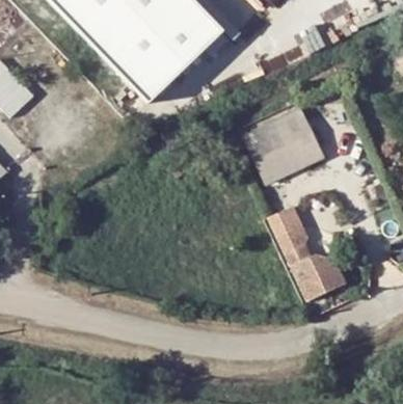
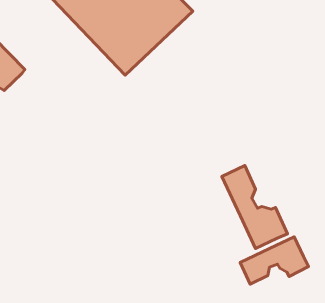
building: [239,104,322,184] -> none
building: none -> [240,237,308,284]

